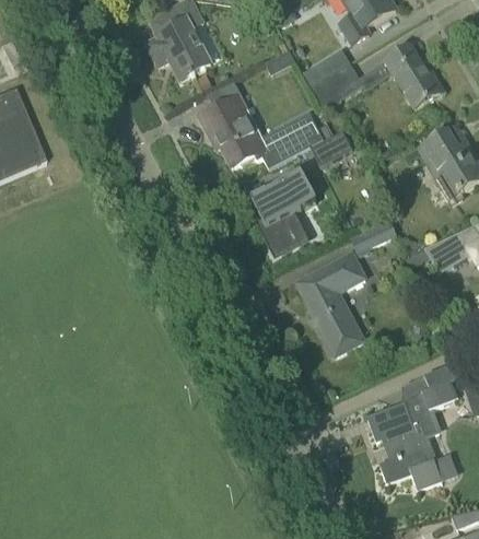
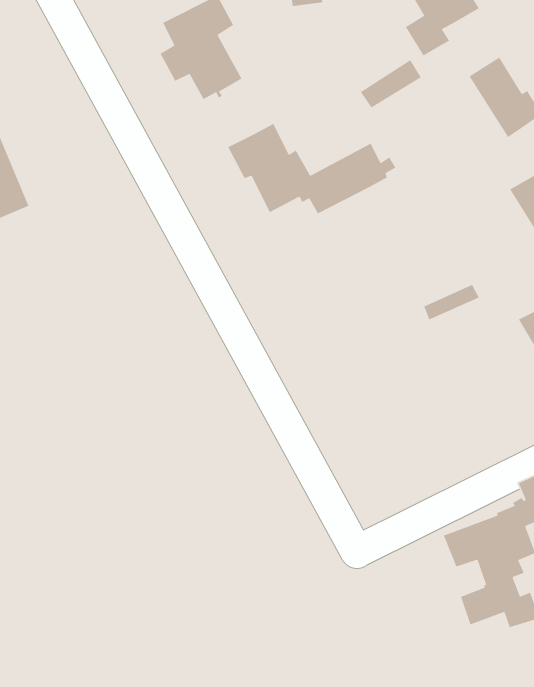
building: [311,61,360,102] -> none
building: [309,129,352,165] -> none
building: [245,172,316,253] -> none
building: [295,251,365,355] -> none

